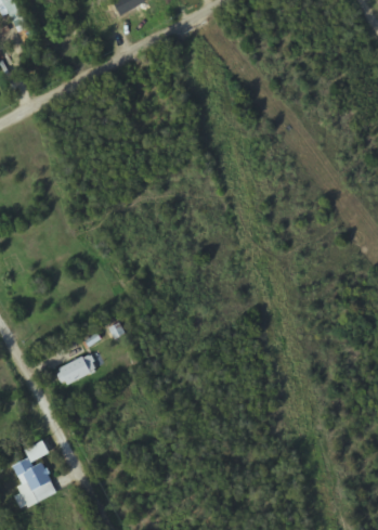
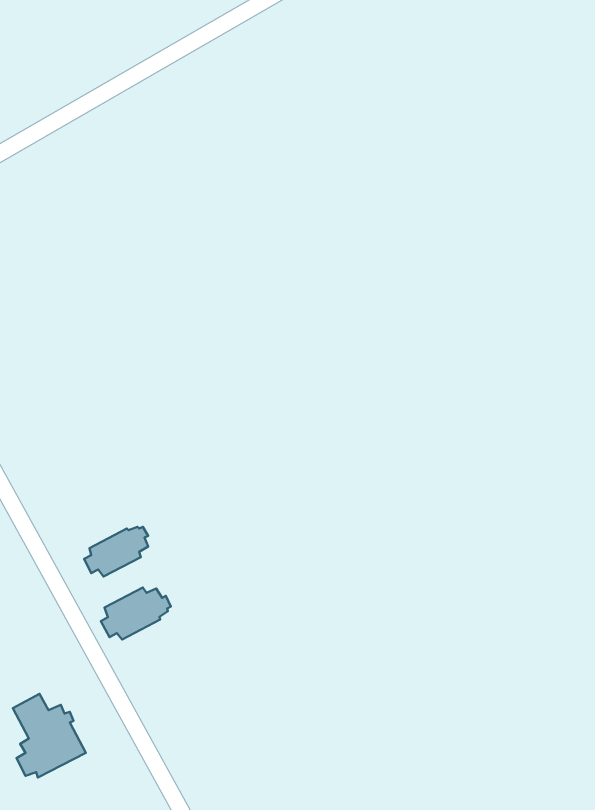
building: none -> [101,588,171,640]

